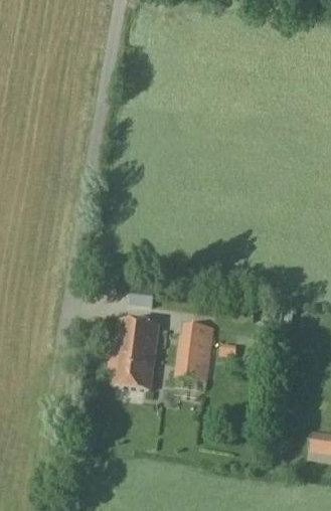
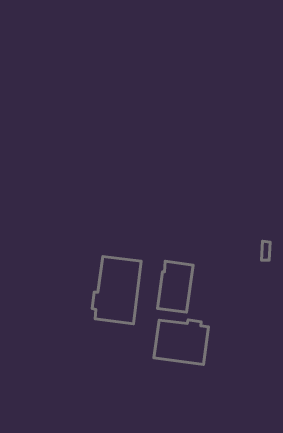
building: none -> [154,320,209,365]

